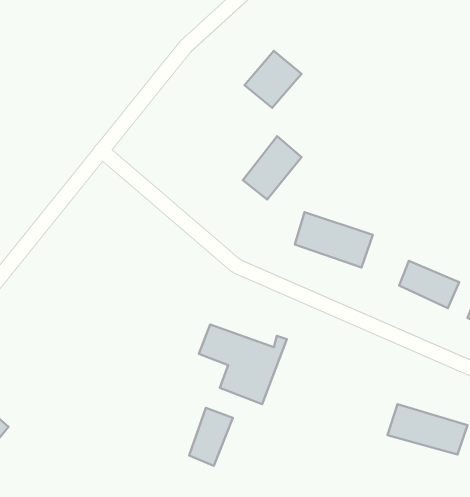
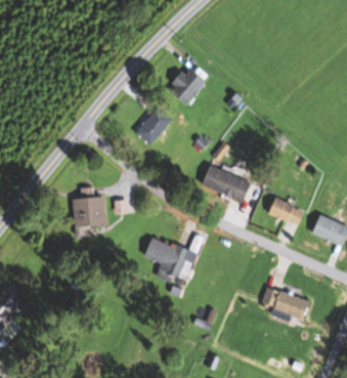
building: [243,136,301,200] -> [135,106,172,145]
building: none -> [74,197,104,235]
building: [189,408,233,466] -> none

